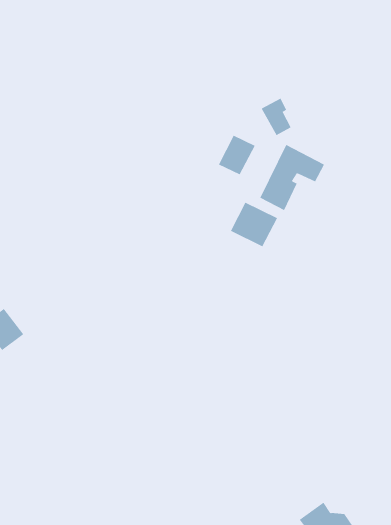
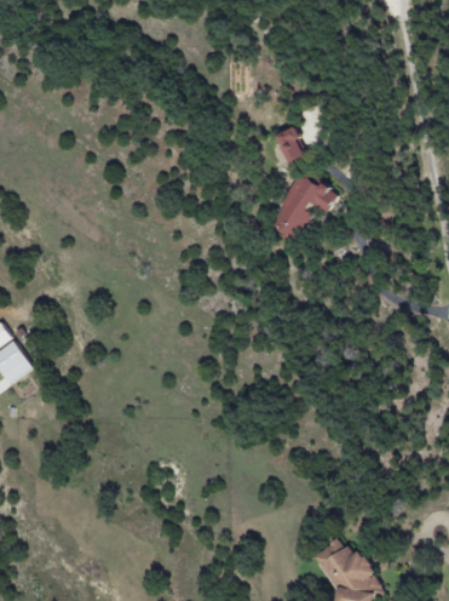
building: [218,135,255,175] -> none
building: [230,202,278,247] -> none

